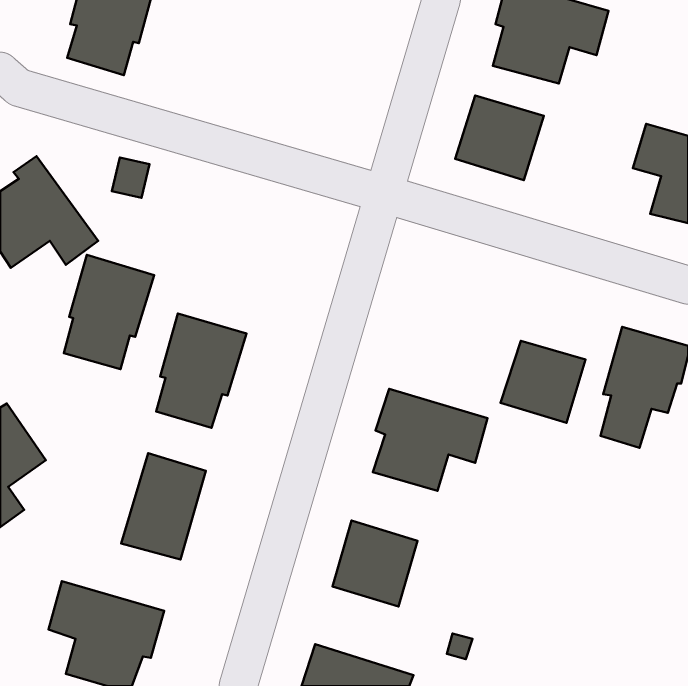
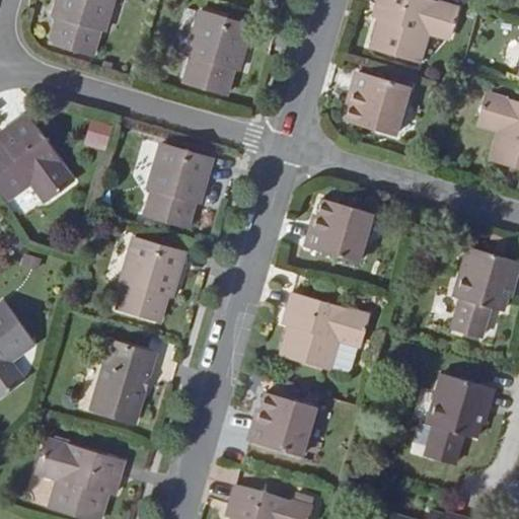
building: none -> [184,10,252,96]
building: [64,255,154,369] -> [145,143,213,229]
building: [501,341,585,423] -> [307,200,371,262]
building: none -> [425,373,495,464]

